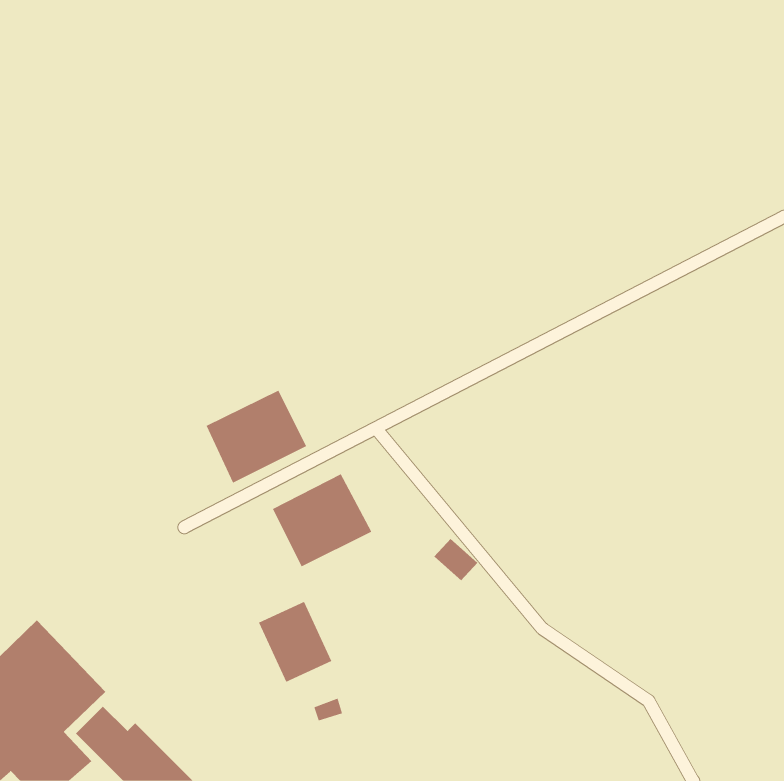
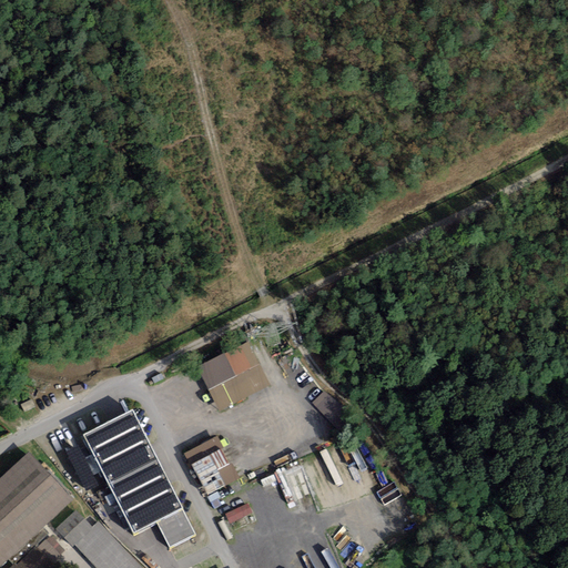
building: [206,390,307,483] -> none
building: none -> [83,413,193,547]

